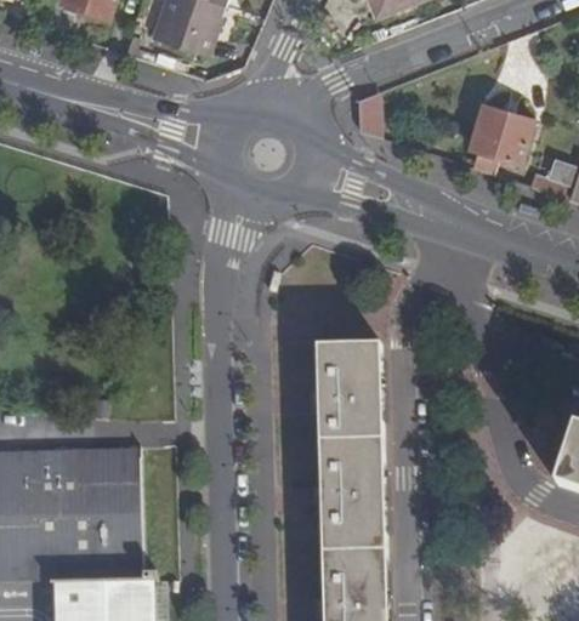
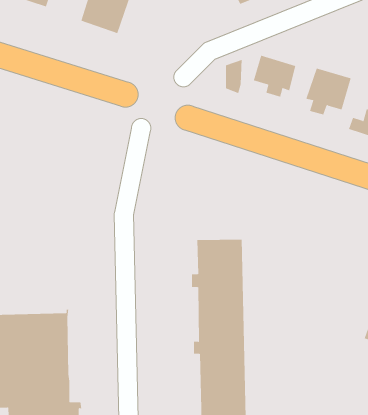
building: none -> [253,55,296,97]

